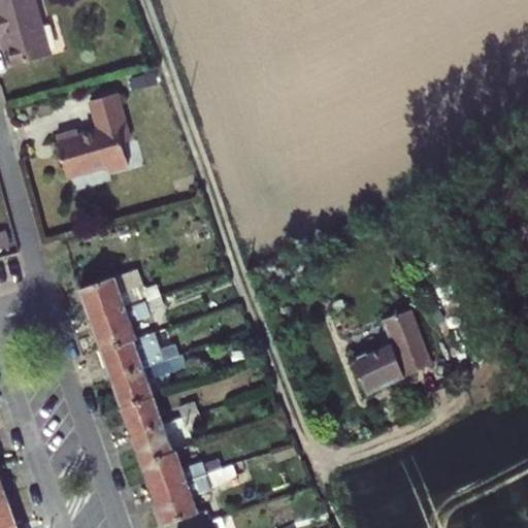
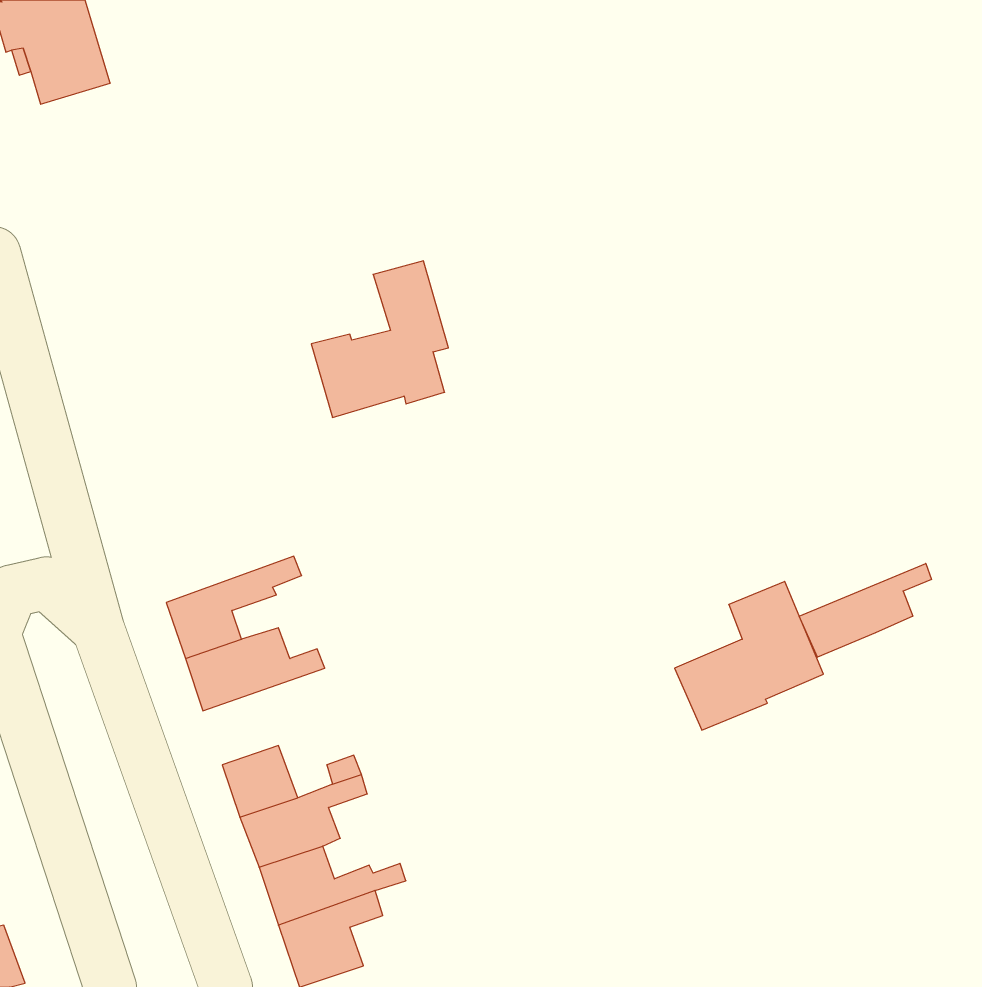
building: [64,85,137,168] -> [311,261,448,417]
building: [77,270,157,322] -> none
building: none -> [799,563,931,657]
building: [108,357,177,408] -> none

